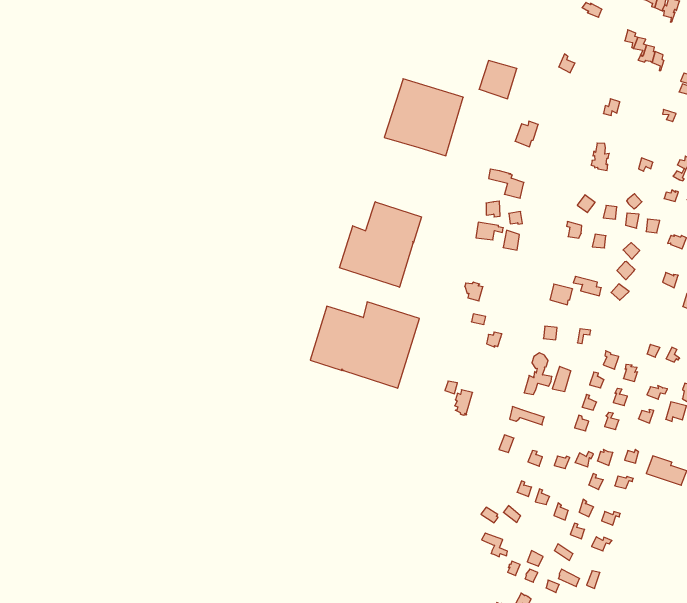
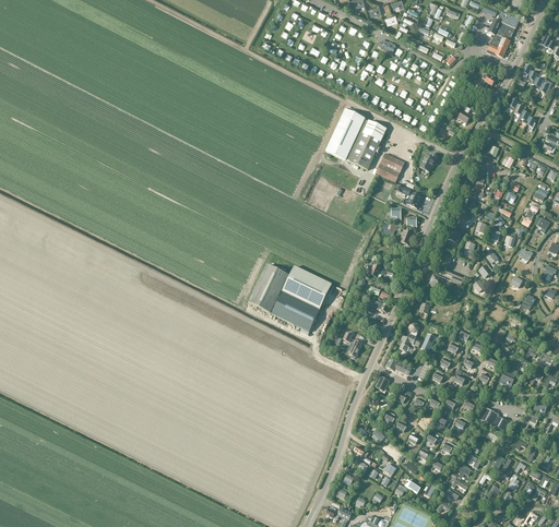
building: [479,61,517,99] -> [376,153,405,182]
building: [339,202,421,287] -> none

